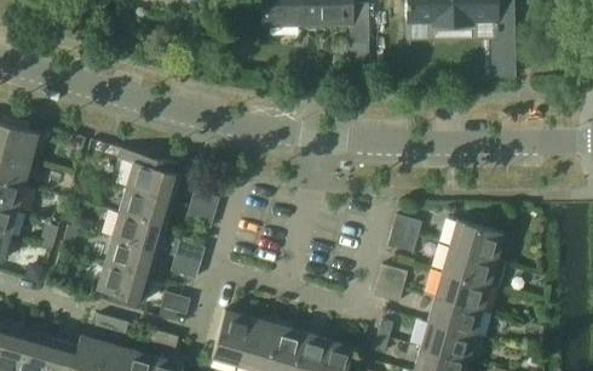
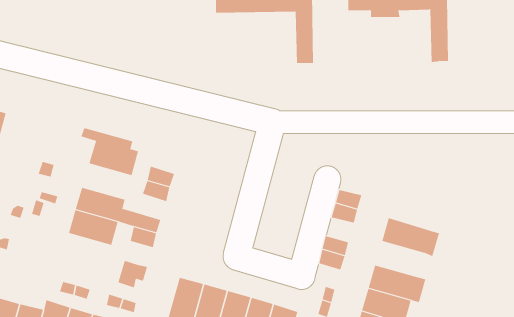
building: [119,187,173,226] -> none
building: [449,219,503,259] -> none
building: [97,262,151,302] -> none
building: [434,270,489,309] -> none

